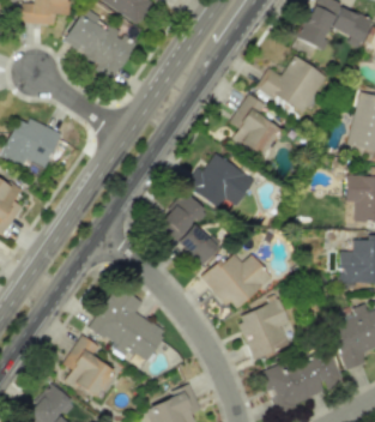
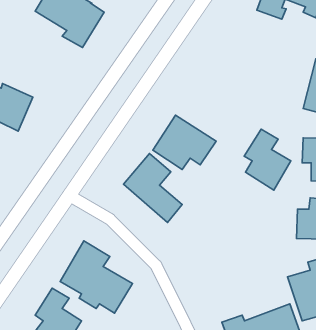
building: [258,56,326,114] -> none
building: [230,95,279,159] -> [244,129,291,190]
building: [202,252,272,313] -> none
building: [237,300,290,360] -> none

